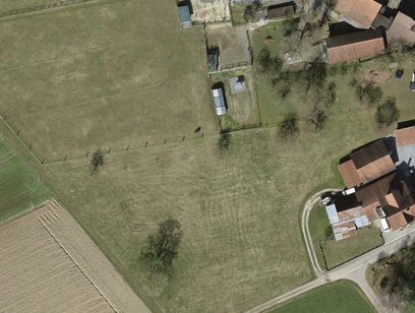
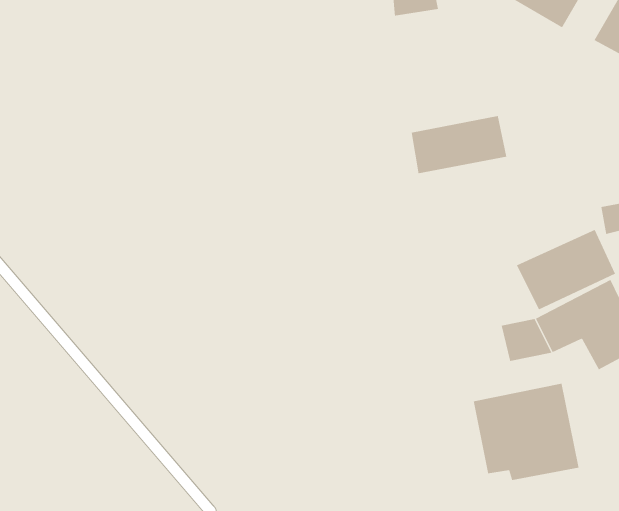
building: [328,27,384,62] -> [411,115,507,174]
building: none -> [473,383,579,481]

